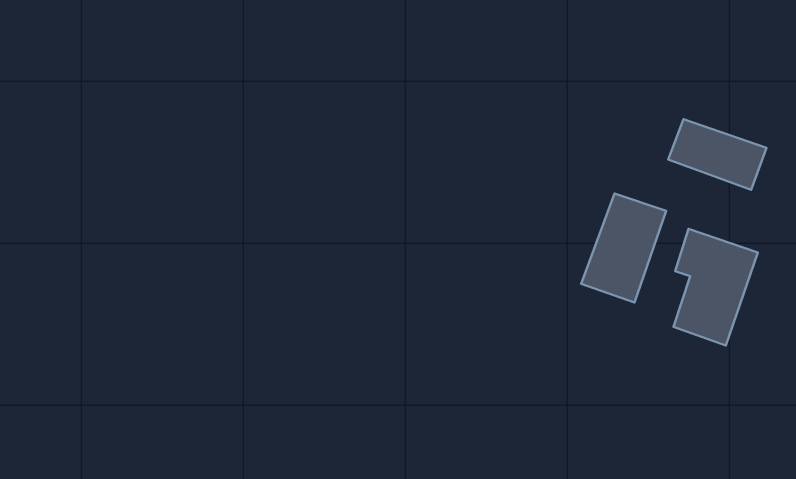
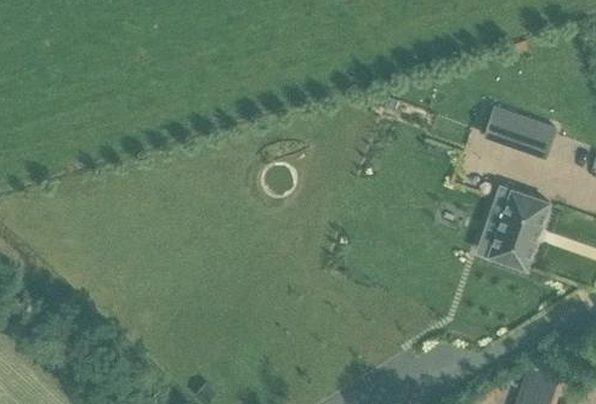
building: [581,193,666,302] -> none

